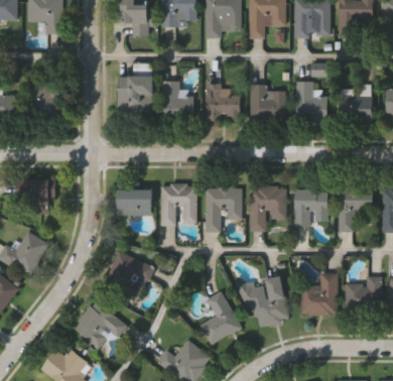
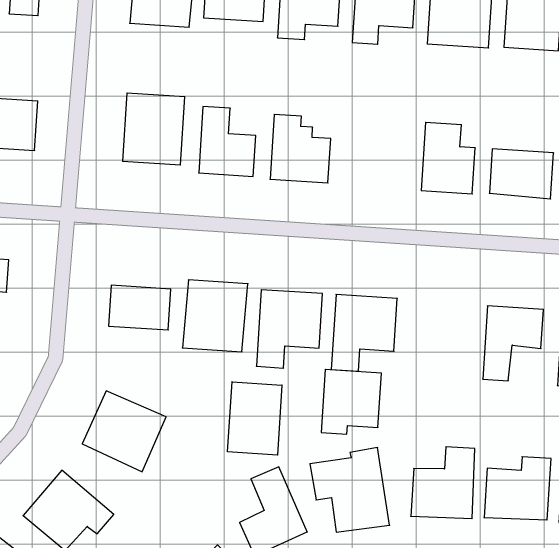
building: [250,86,285,120] -> none
building: [294,190,328,228] -> [321,369,381,434]
building: none -> [228,382,282,455]

